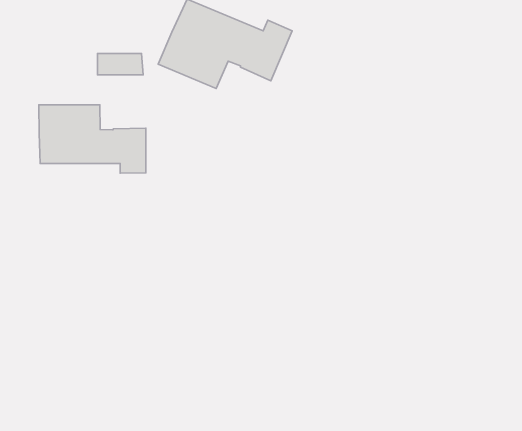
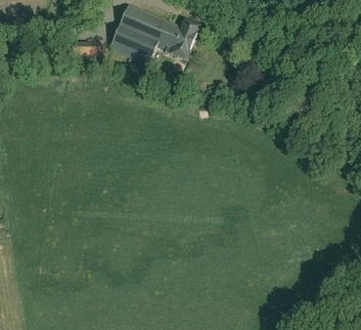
building: [39,105,146,173] -> none

